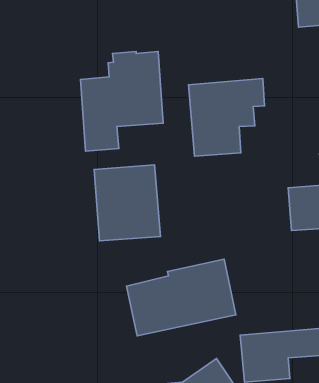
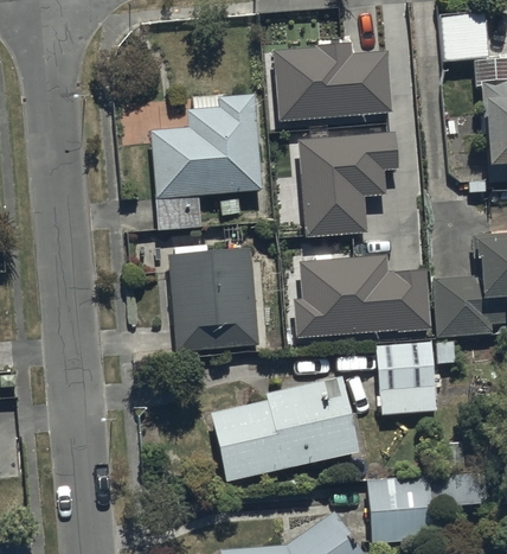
building: none -> [274,44,392,121]
building: none -> [293,255,431,339]
building: none -> [378,340,437,414]

